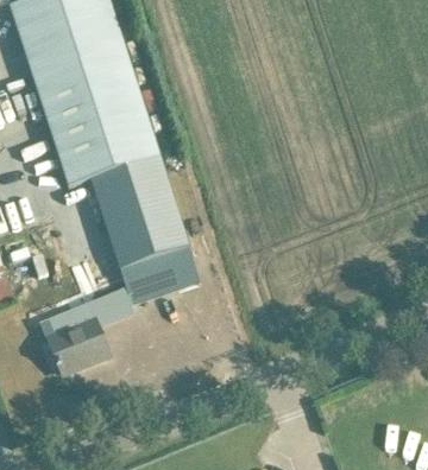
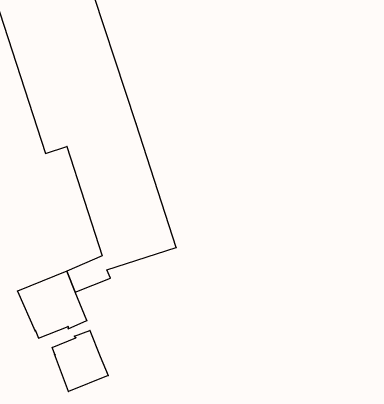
building: none -> [52,330,108,392]

